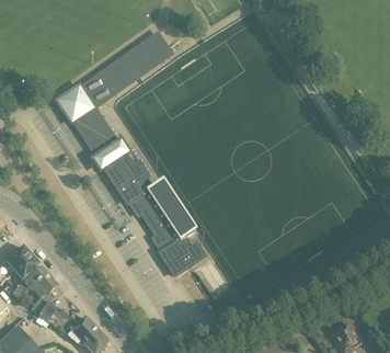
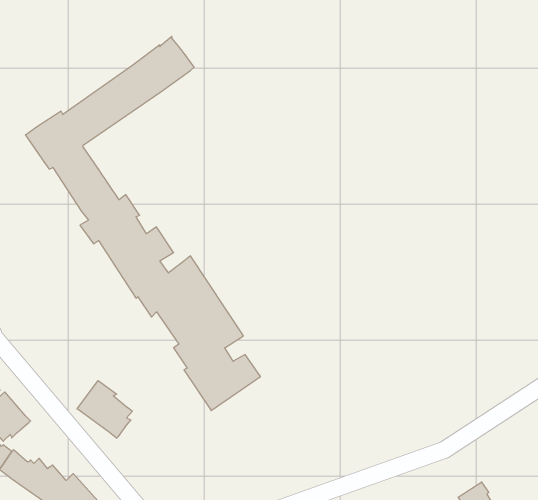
building: none -> [77,381,132,438]

